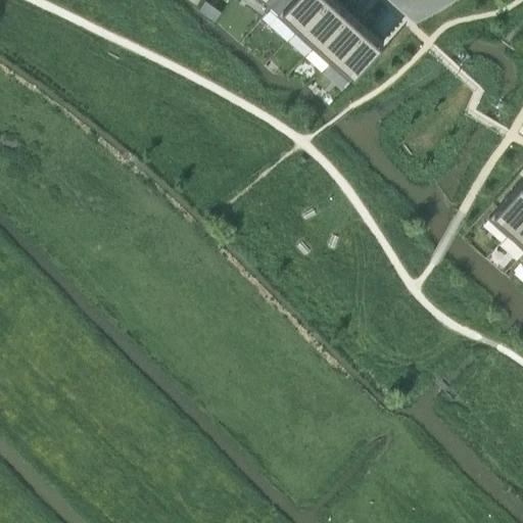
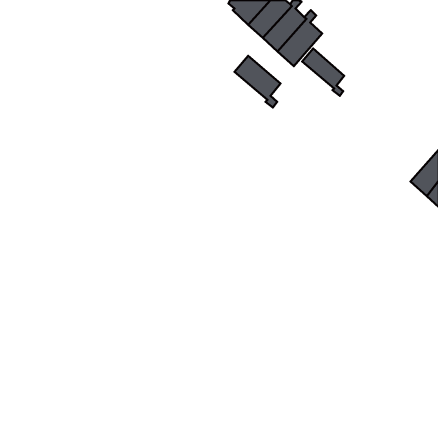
building: none -> [302,49,344,96]
building: none -> [235,56,280,108]

